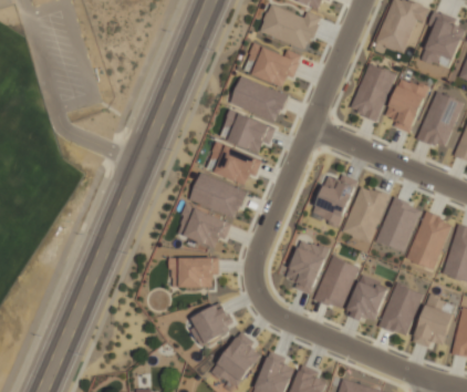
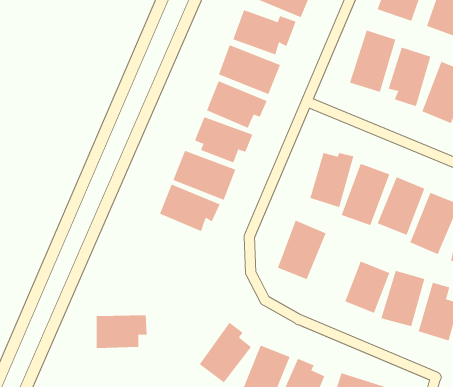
building: [313,256,357,309] -> none
building: [170,257,218,288] -> [96,315,148,348]
building: [191,302,234,342] -> none

